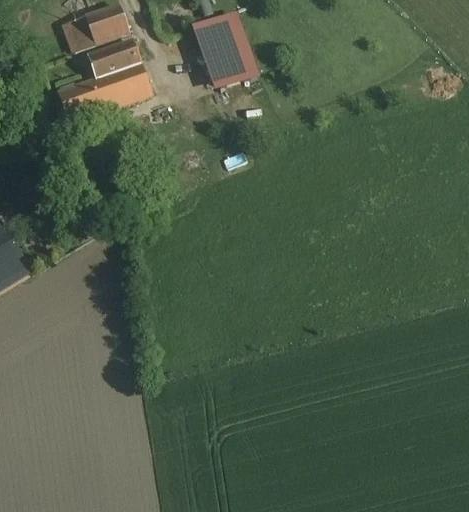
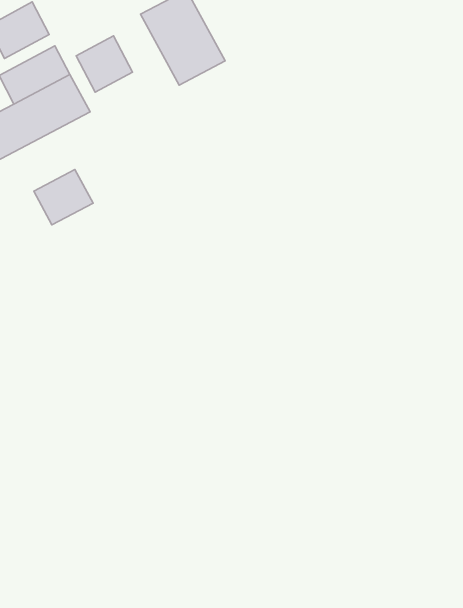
building: none -> [76,36,133,92]
building: none -> [34,170,93,225]

